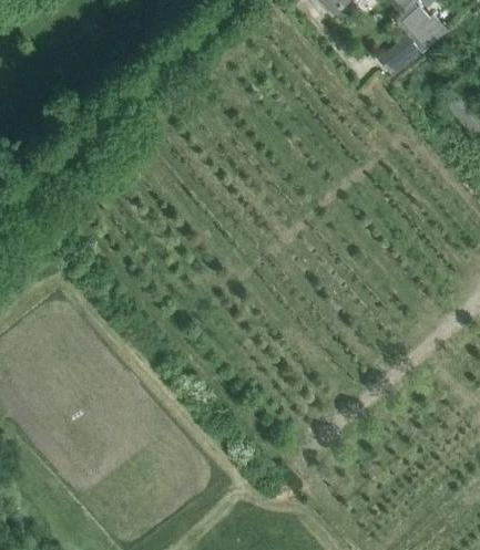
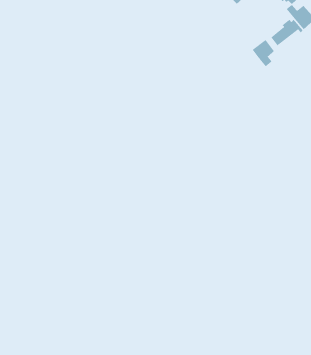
building: none -> [252,39,275,67]

